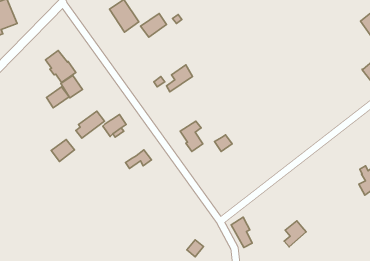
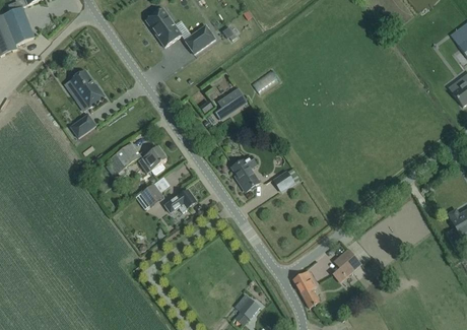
building: [61,75,83,98] -> none
building: [51,140,75,162] -> [135,183,163,209]
building: [284,221,306,247] -> [333,249,359,280]

